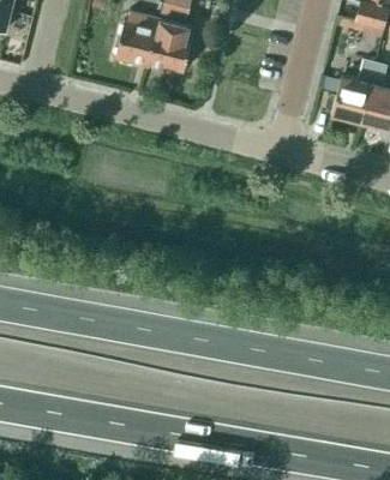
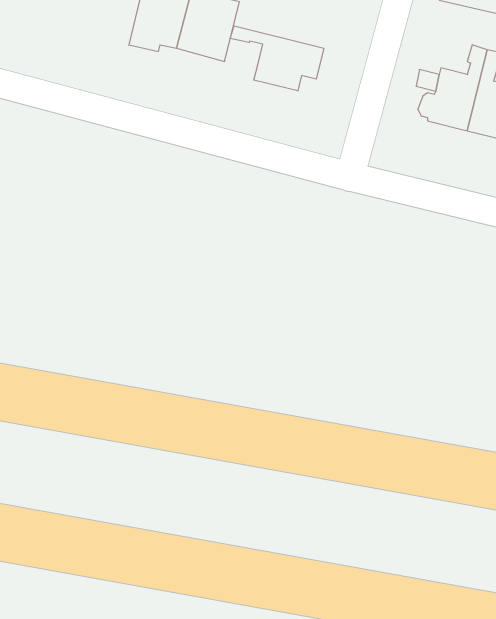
building: none -> [230,26,324,91]

